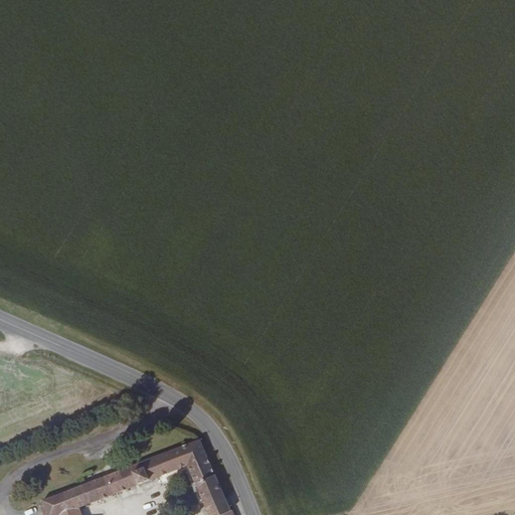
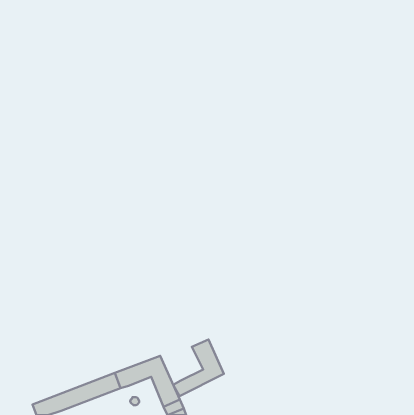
building: none -> [173,339,224,396]

